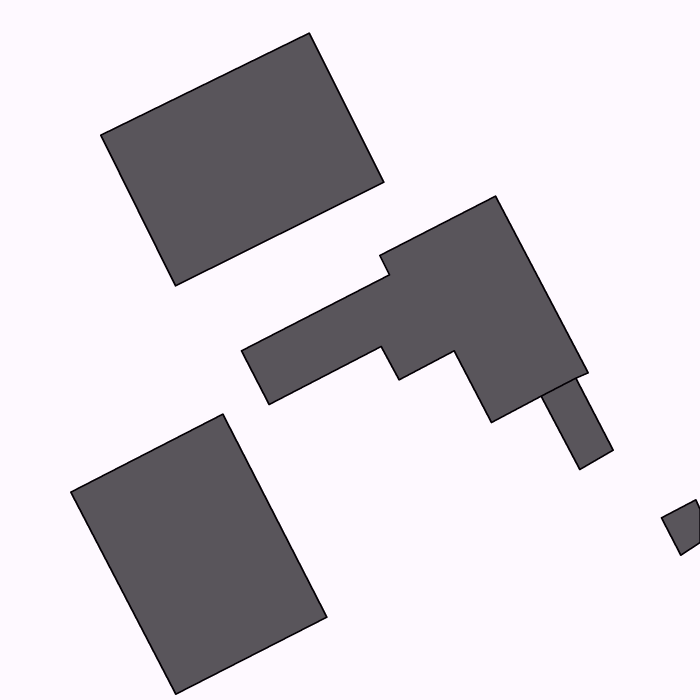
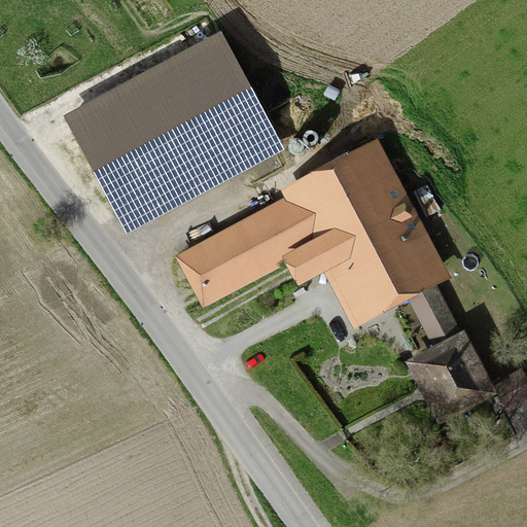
building: [71,414,327,694] -> none
building: none -> [410,340,488,422]

